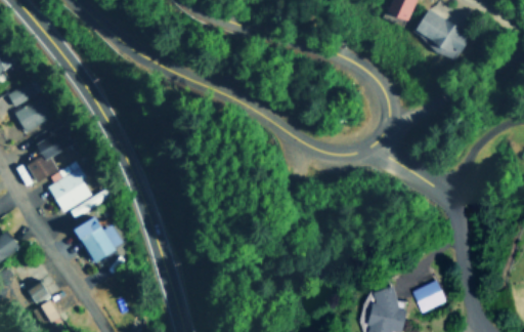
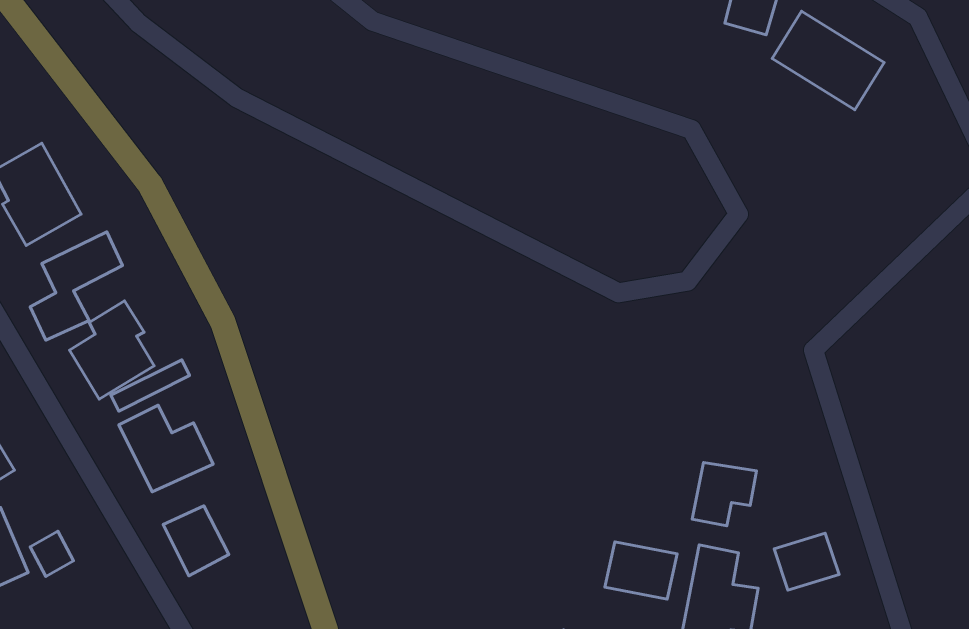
building: none -> [692,463,756,526]
building: none -> [163,506,229,576]
building: none -> [605,542,677,599]
building: [33,300,59,326] -> none

